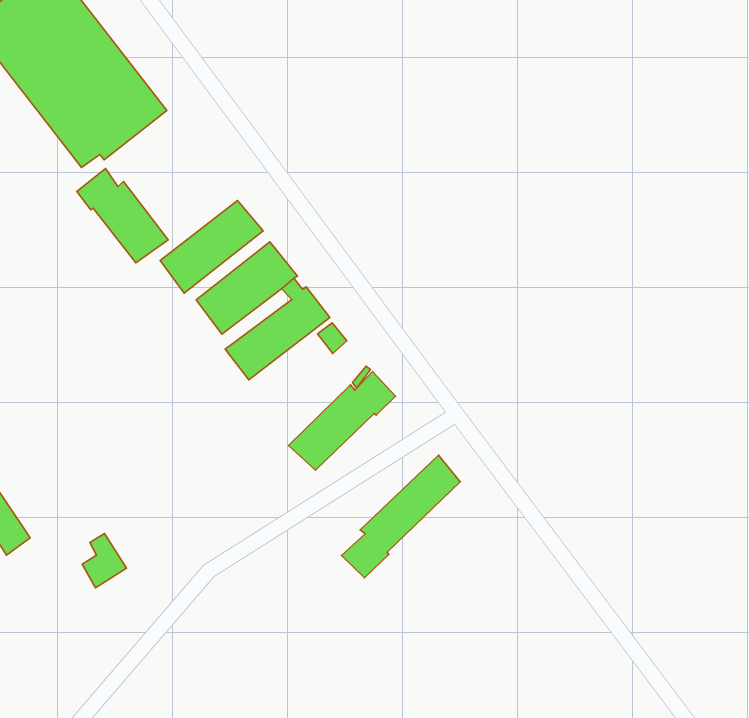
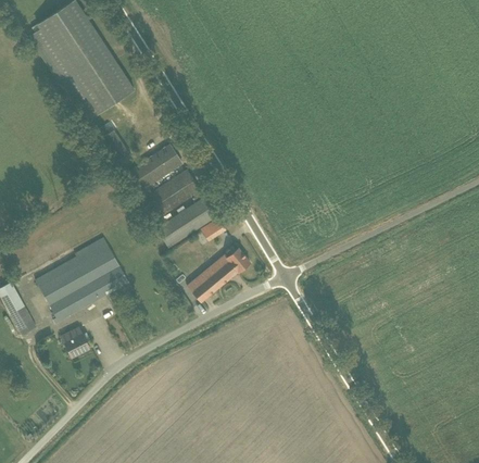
building: [77,168,168,263] -> none
building: none -> [35,236,128,322]
building: [341,455,460,578] -> none

